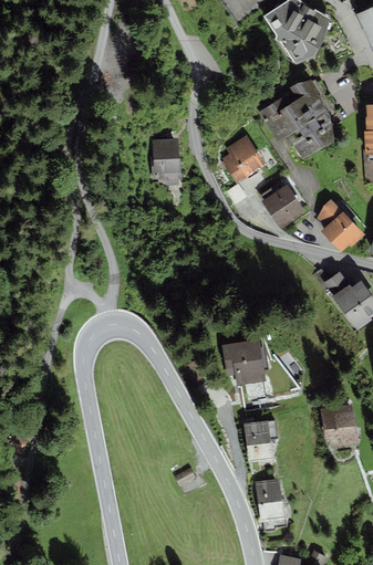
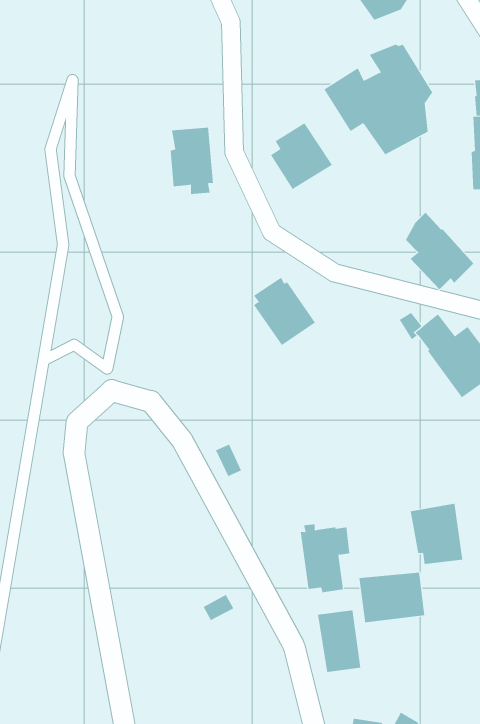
building: [261,181,305,230] -> [253,277,316,346]
building: [221,339,266,387] -> none
building: none -> [359,572,425,623]

